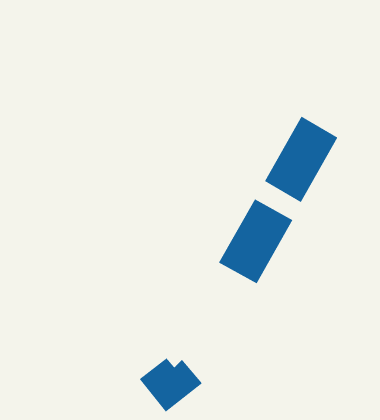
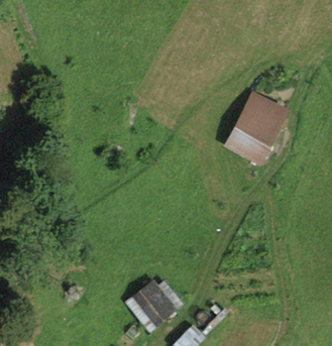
building: [218,199,293,284] -> none

